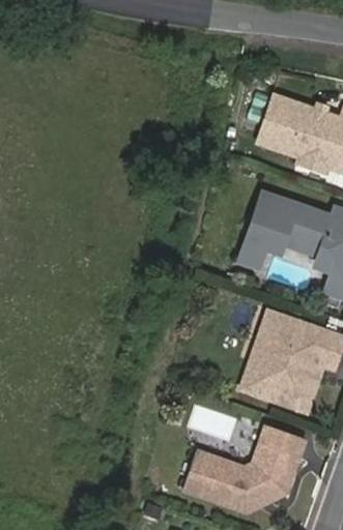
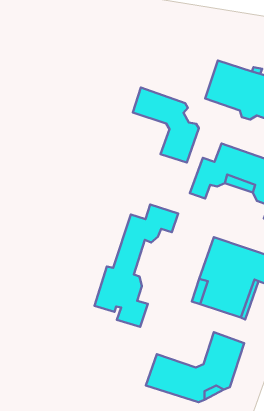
building: none -> [133,88,199,163]
building: none -> [94,205,178,327]

